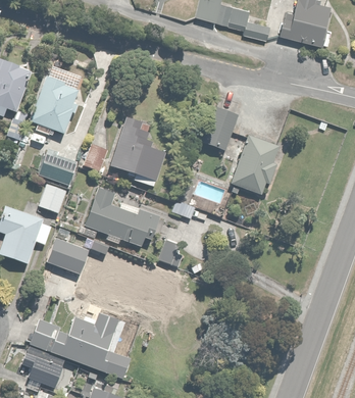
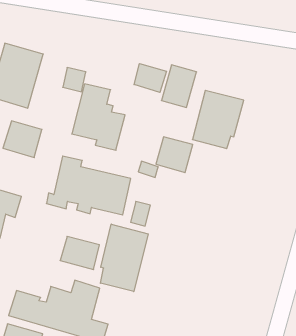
building: none -> [134,64,167,92]
building: [84,145,108,170] -> [63,68,86,92]
building: [38,184,66,212] -> none
building: [46,239,87,275] -> [60,236,99,270]
building: none -> [100,224,148,292]

